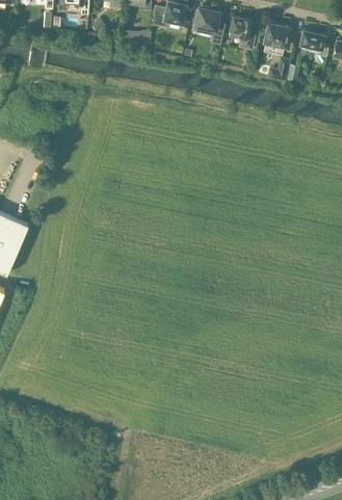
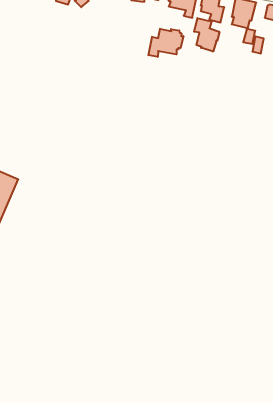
building: none -> [194,18,219,52]
building: none -> [148,29,183,57]

